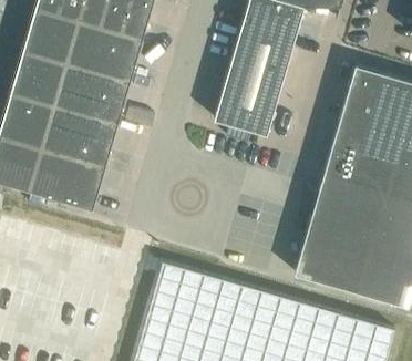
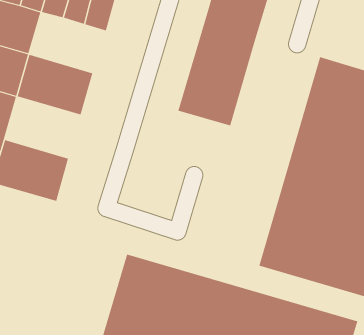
building: [64,21,142,82] -> none
building: [40,105,116,167] -> none

